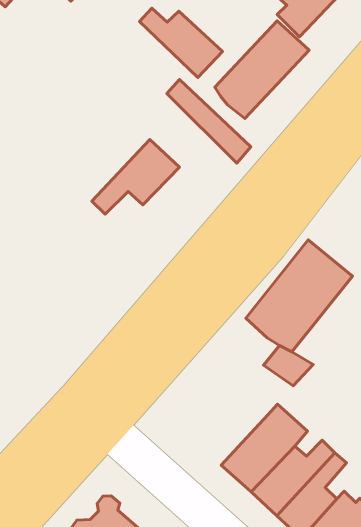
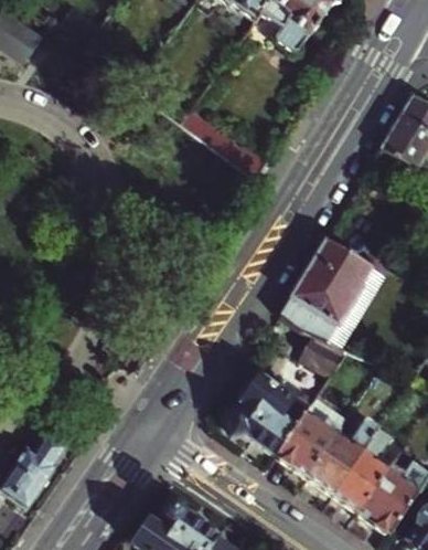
building: [140,8,222,78] -> none
building: [215,21,309,118] -> none
building: [92,139,179,214] -> none
building: none -> [231,380,314,456]

